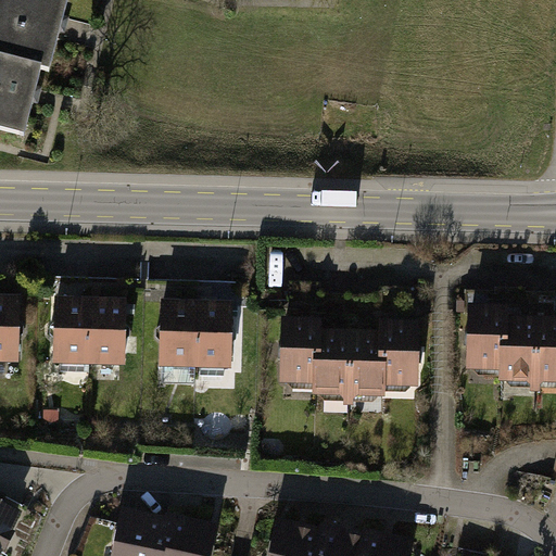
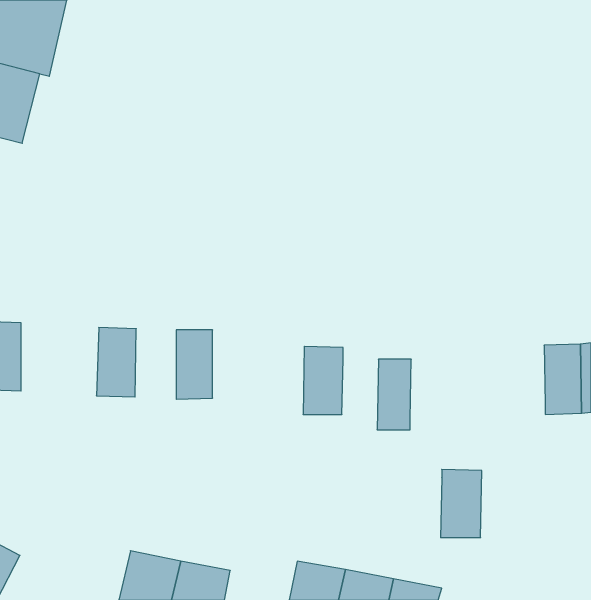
building: [54,302,91,366] -> none
building: [197,305,231,368] -> none
building: [466,309,504,375] -> none
building: [379,325,417,388] -> [441,469,482,538]
building: [316,332,350,397] -> none

